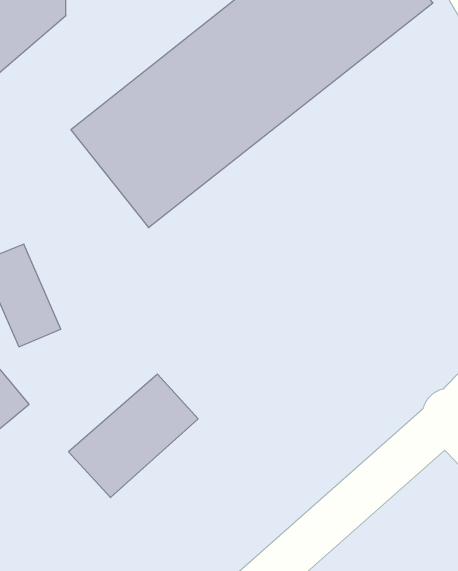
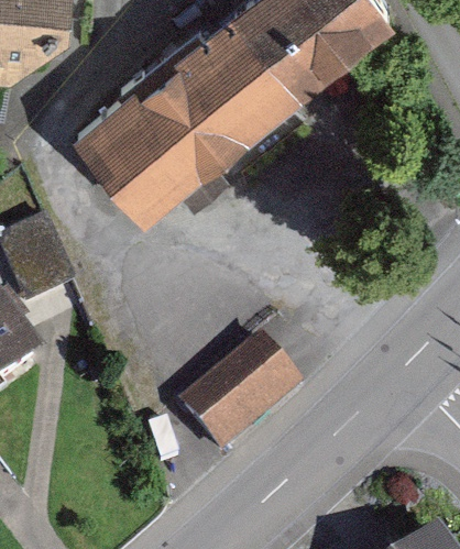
building: [69,374,198,498] -> [188,343,300,450]

